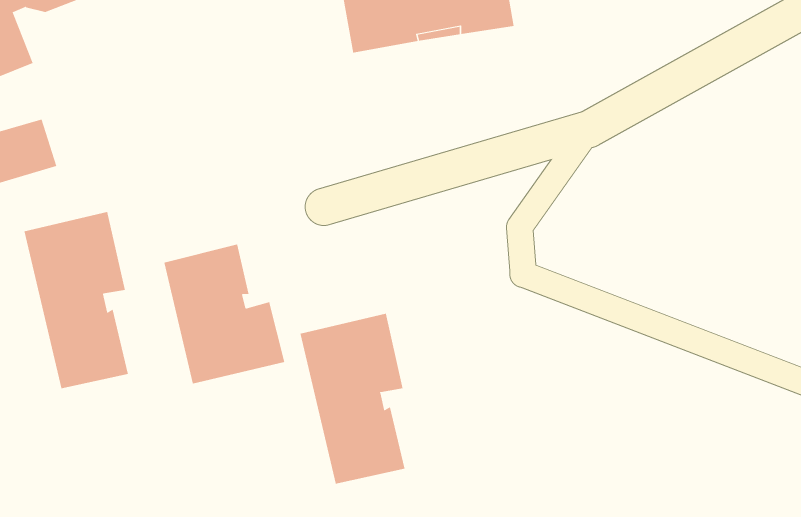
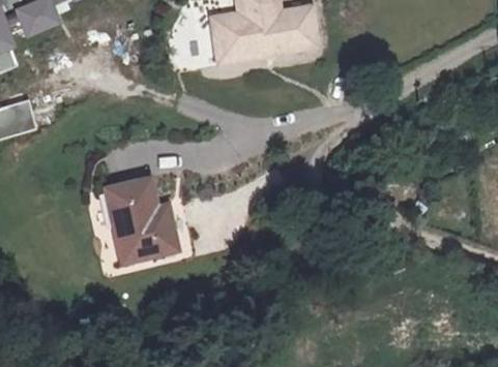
building: [24,211,129,389] -> none
building: [300,313,405,484] -> none

